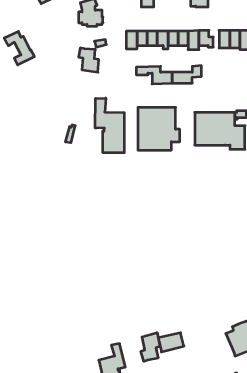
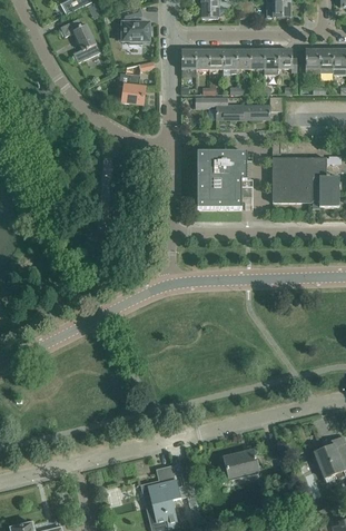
building: [4,31,34,65] -> [60,17,100,61]
building: [95,98,124,153] -> none
building: [141,333,160,361] -> none

